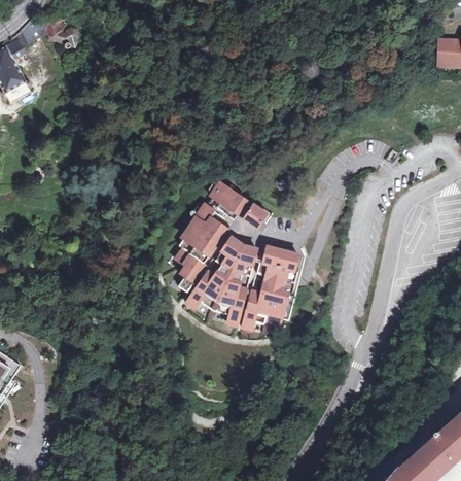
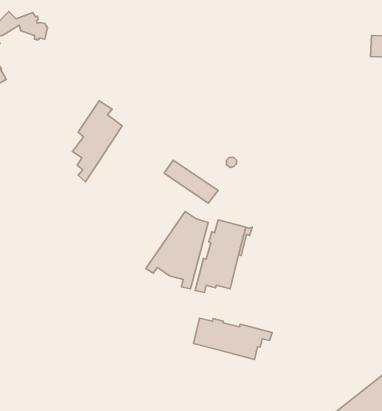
building: [173,202,228,293] -> [73,101,122,182]
building: none -> [193,318,272,359]

